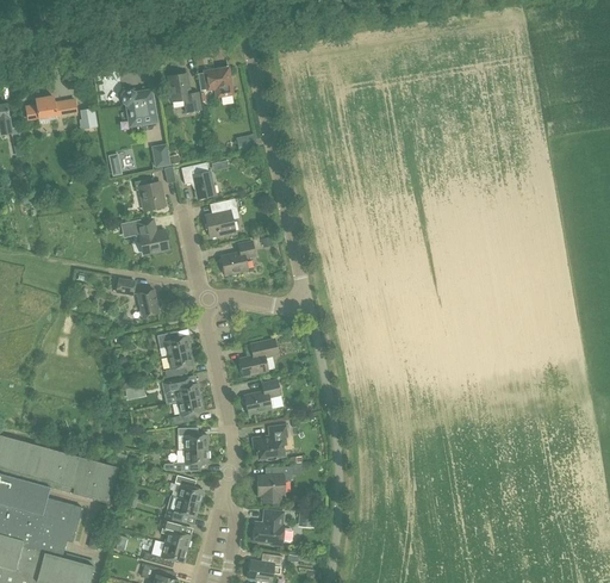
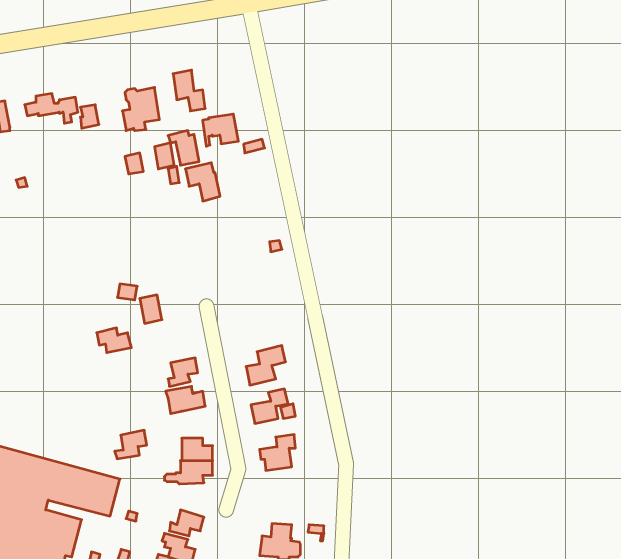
building: [198,67,232,98] -> [203,114,238,146]
building: [133,176,163,210] -> [168,131,199,165]
building: [205,198,238,236] -> none
building: [120,218,168,253] -> none
building: [220,240,255,273] -> none
building: [157,330,191,354] -> [97,328,131,353]
building: [172,396,203,423] -> [115,430,147,459]
building: [257,465,291,502] -> none
building: [172,475,203,503] -> none

